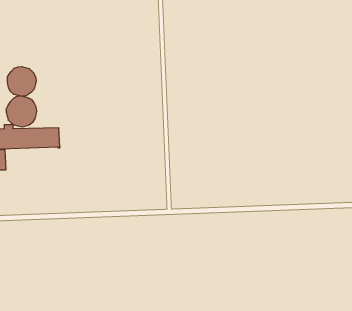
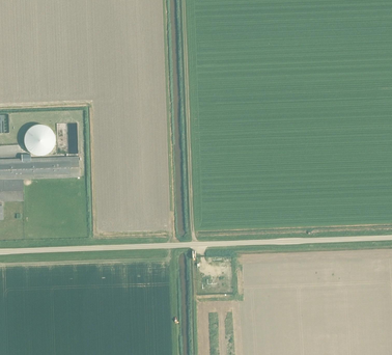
building: [8,67,36,96] -> none

